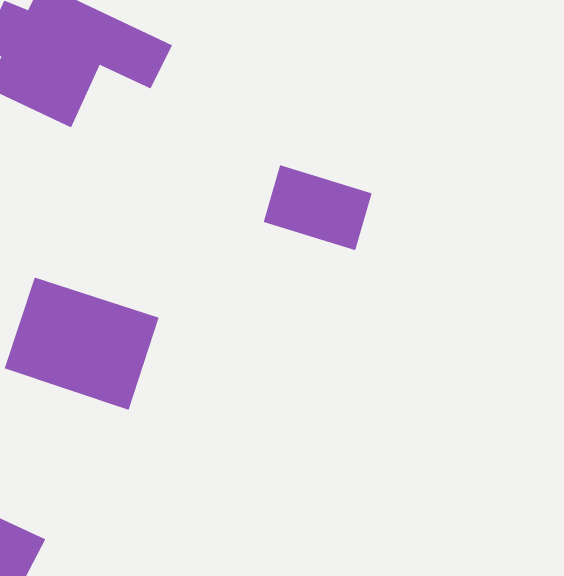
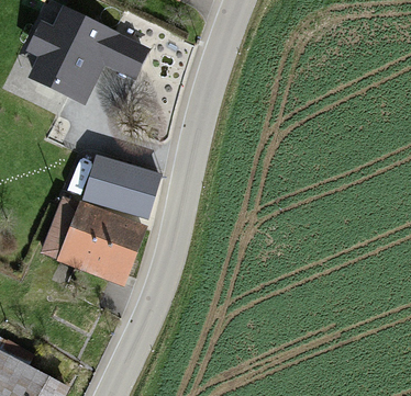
building: [263,165,373,251] -> [86,159,157,215]

